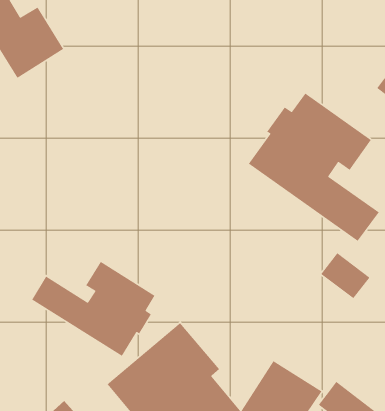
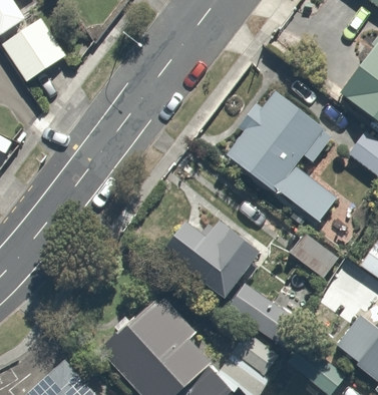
building: none -> [158,218,301,346]
building: [31,261,155,357] -> none

